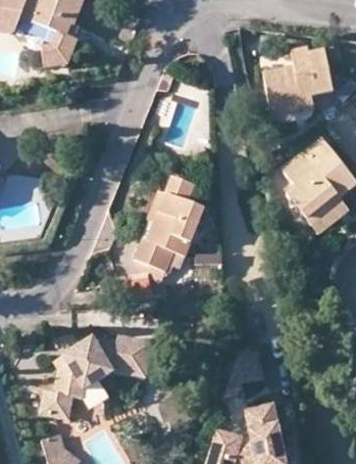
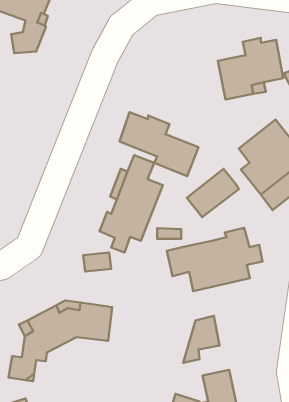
building: none -> [120,112,198,176]
building: none -> [187,169,239,217]
building: none -> [167,228,263,291]

